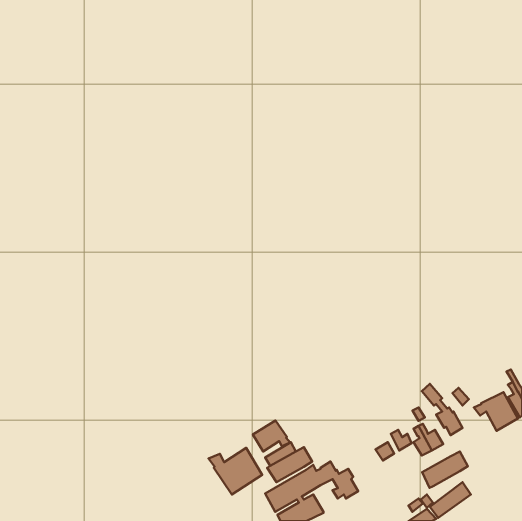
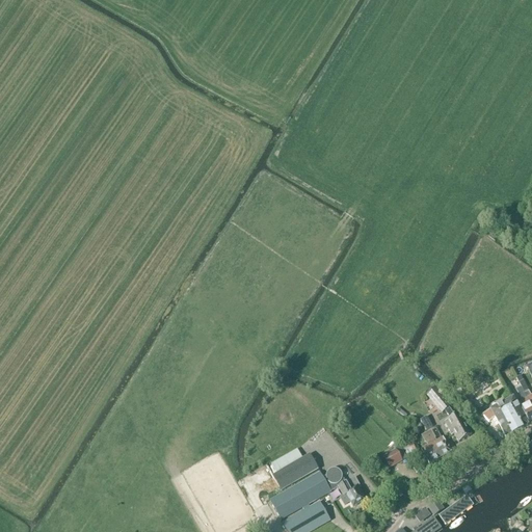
building: [253,420,290,451] -> none
building: [208,448,262,494] -> none
building: [422,451,468,488] -> none

